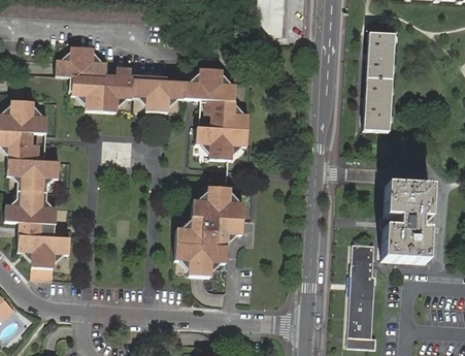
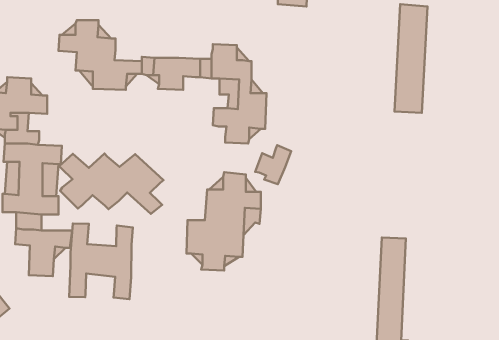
building: [109,69,167,85] -> none
building: none -> [255,145,291,184]
building: none -> [59,154,163,214]
building: [379,185,429,262] -> none
building: none -> [69,223,133,299]

